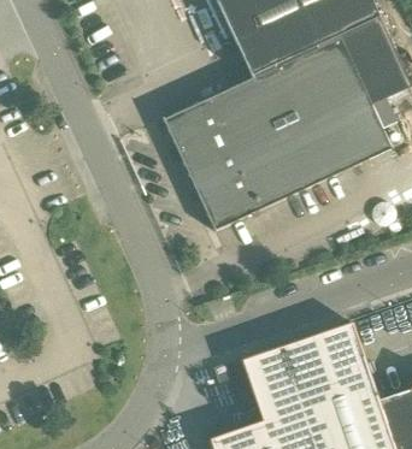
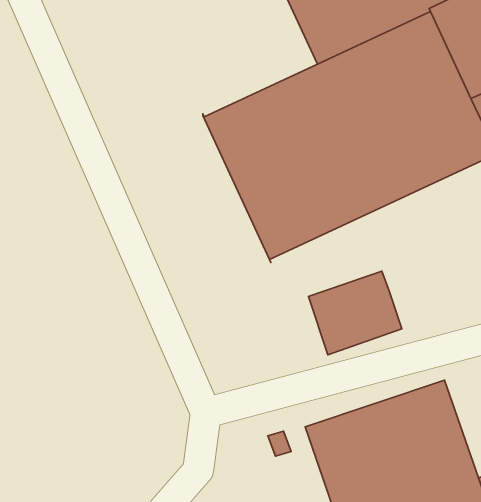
building: none -> [309,271,402,355]

